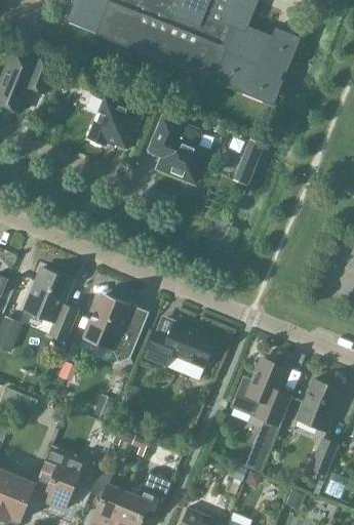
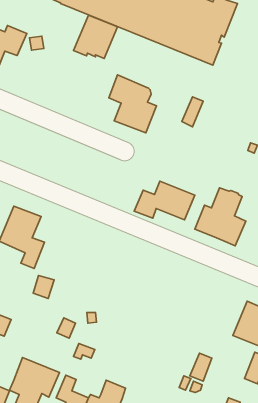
building: [86,98,137,149] -> [73,15,117,58]
building: [81,295,148,363] -> none
building: [144,323,214,368] -> [134,181,195,220]
building: [231,359,290,427] -> [195,188,246,246]

